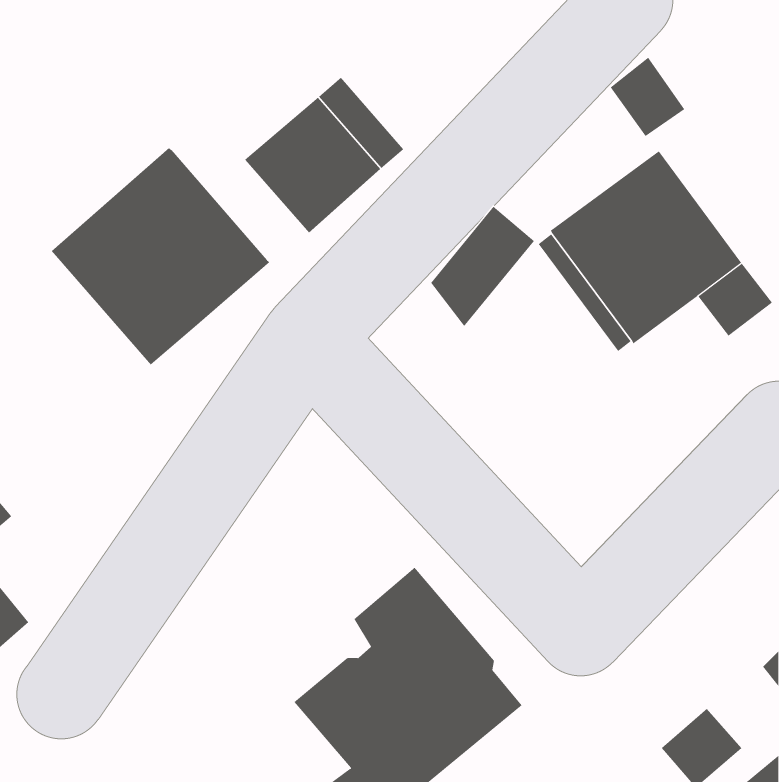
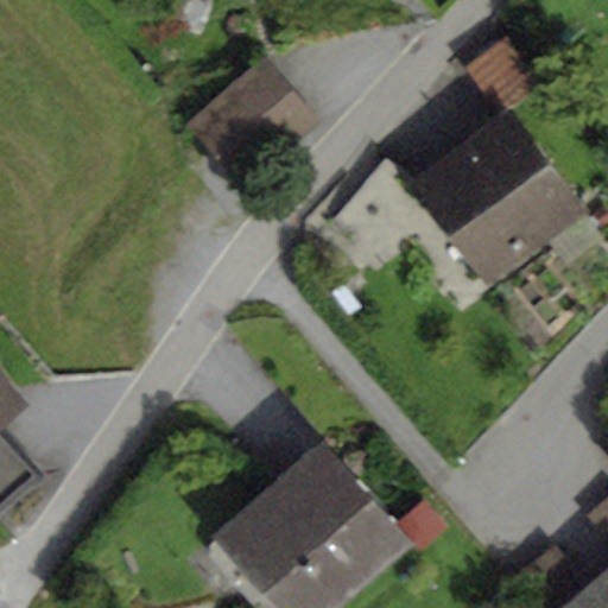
building: [51,147,270,365] -> none

